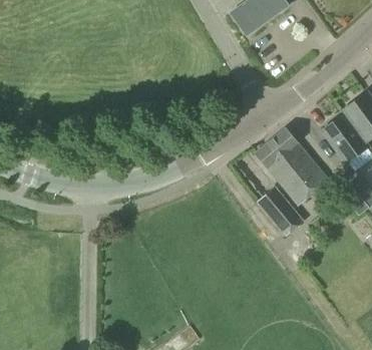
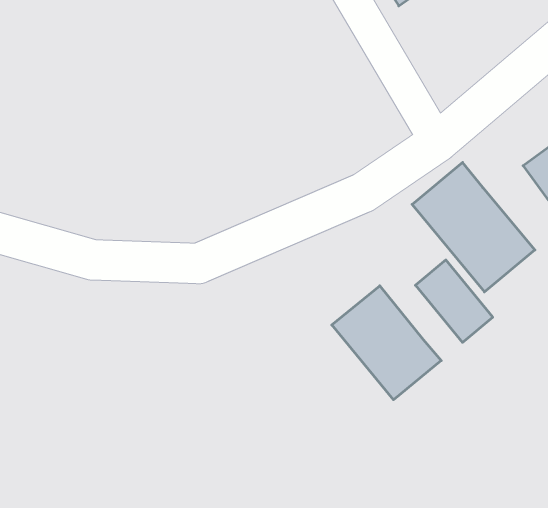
building: none -> [332,286,441,400]

